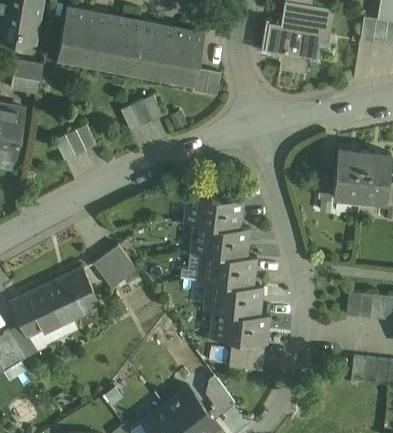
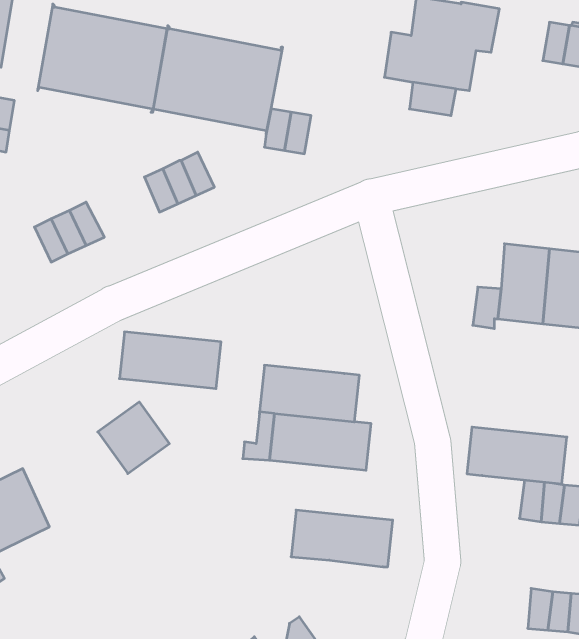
building: [183,194,244,228] -> [119,332,221,389]
building: [48,268,99,320] -> none
building: [203,281,263,315] -> [467,427,567,484]
building: [229,340,264,370] -> none

